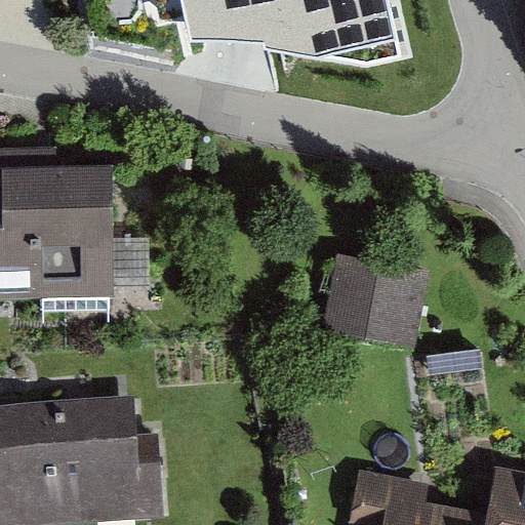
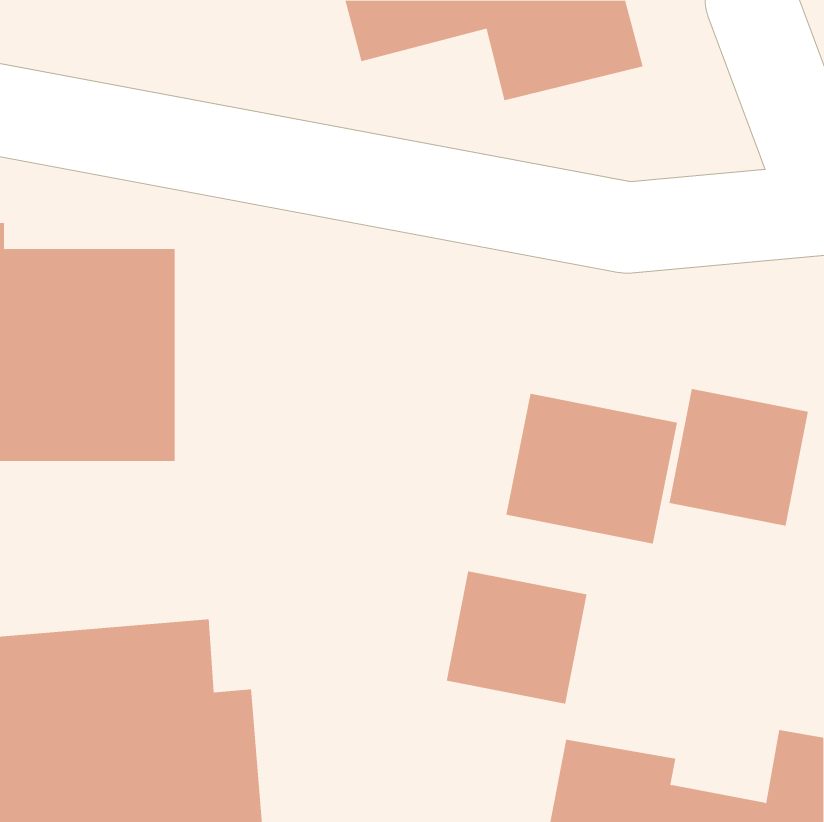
building: none -> [669,388,809,526]
building: none -> [446,570,587,705]

